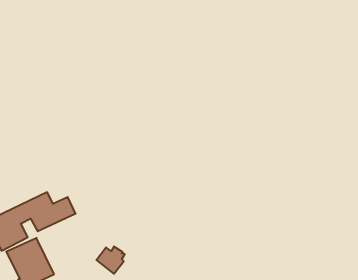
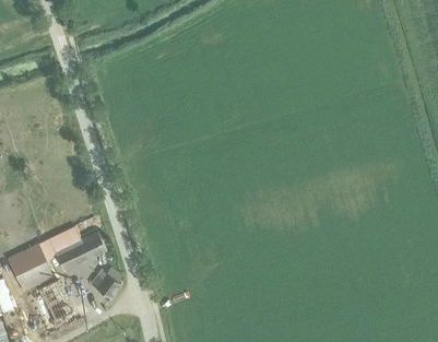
building: [96,246,125,274] -> [88,268,120,298]

